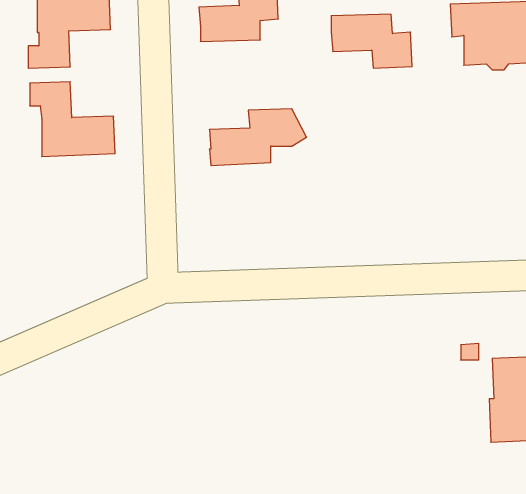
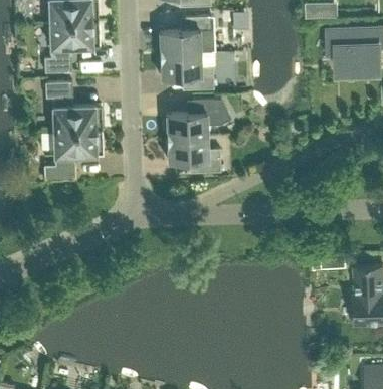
building: [331,14,412,68] -> [159,53,213,89]
building: none -> [43,130,103,181]
building: none -> [166,136,220,173]

